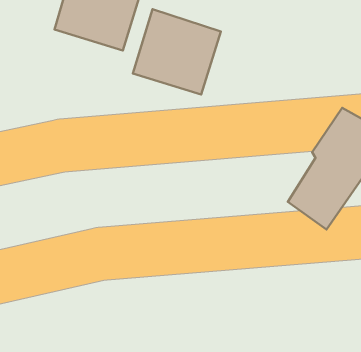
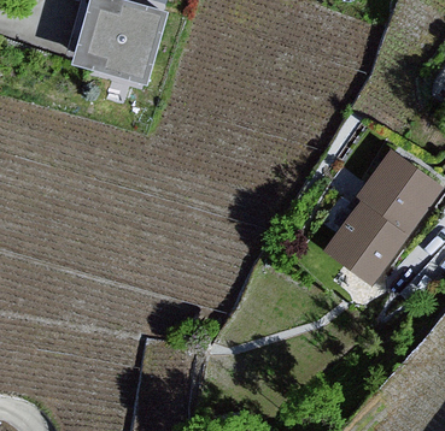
building: [133,9,221,94] -> none

